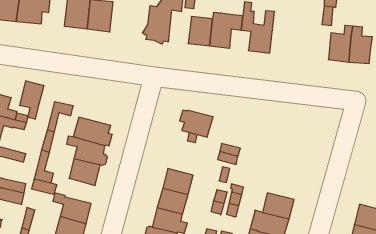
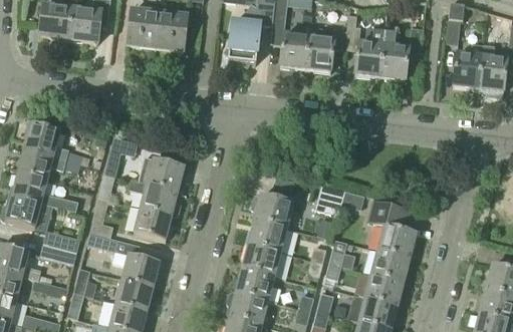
building: none -> [379,26,424,79]
building: [20,81,44,119] -> none
building: [180,110,213,137] -> [251,195,292,228]
building: none -> [367,201,416,258]

